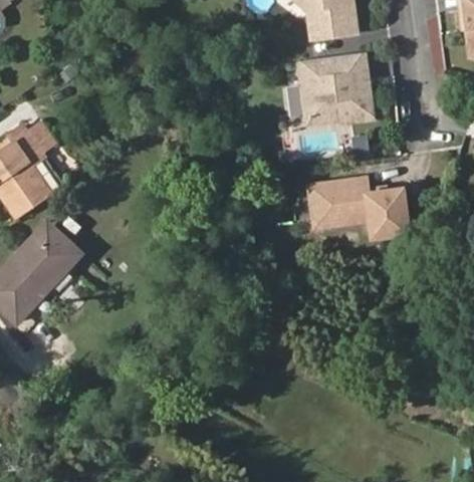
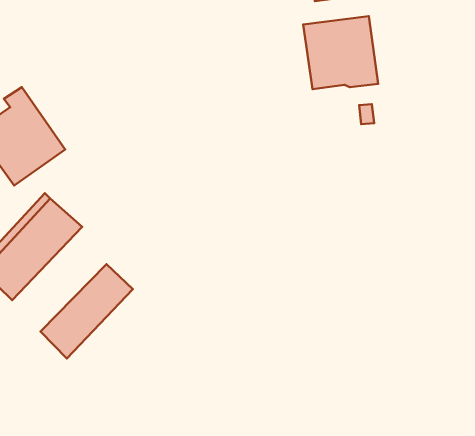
building: [306,180,406,238] -> none
building: none -> [40,264,133,358]

